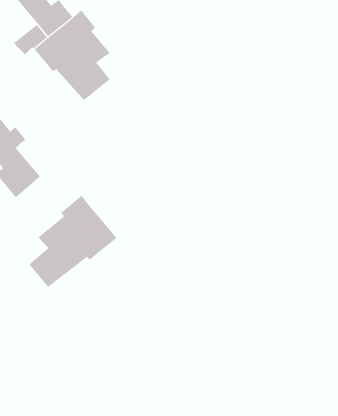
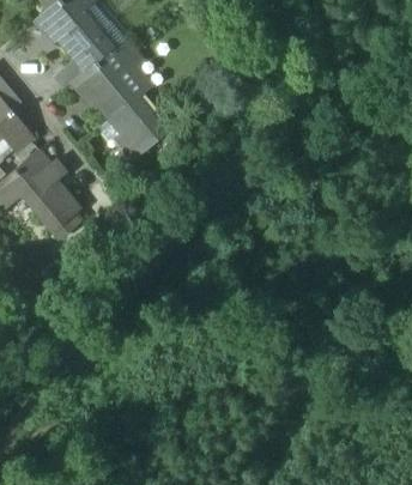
building: none -> [119,113,166,158]
building: [29,195,117,288] -> none

